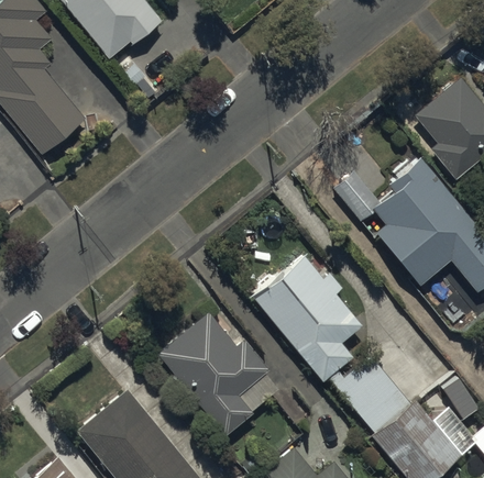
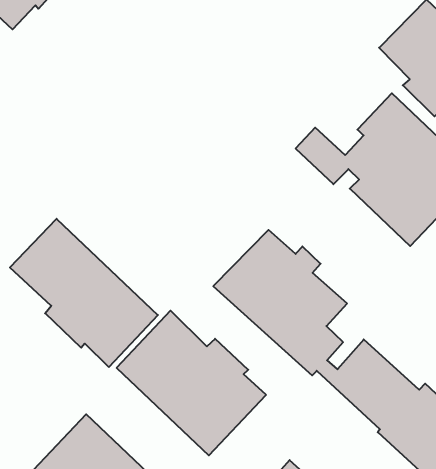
building: none -> [10,219,158,367]

